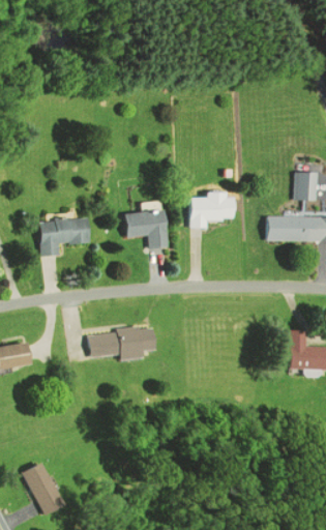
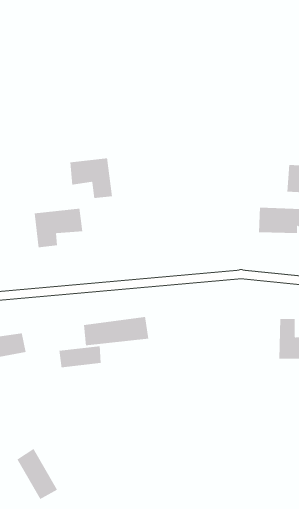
building: [194,197,235,228] -> none
building: [126,207,171,248] -> [69,158,113,198]
building: none -> [59,345,101,368]

